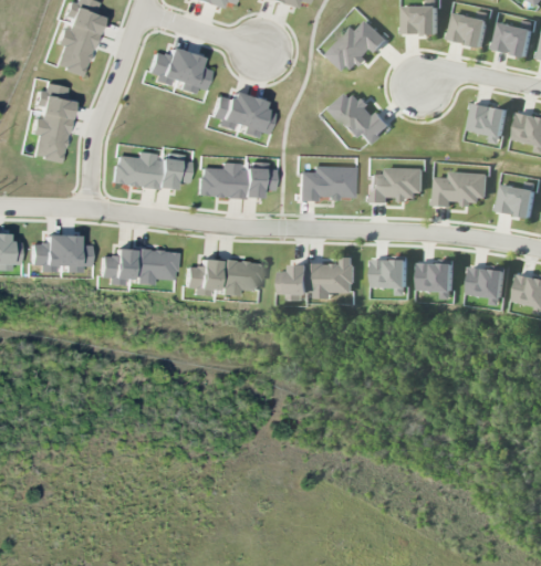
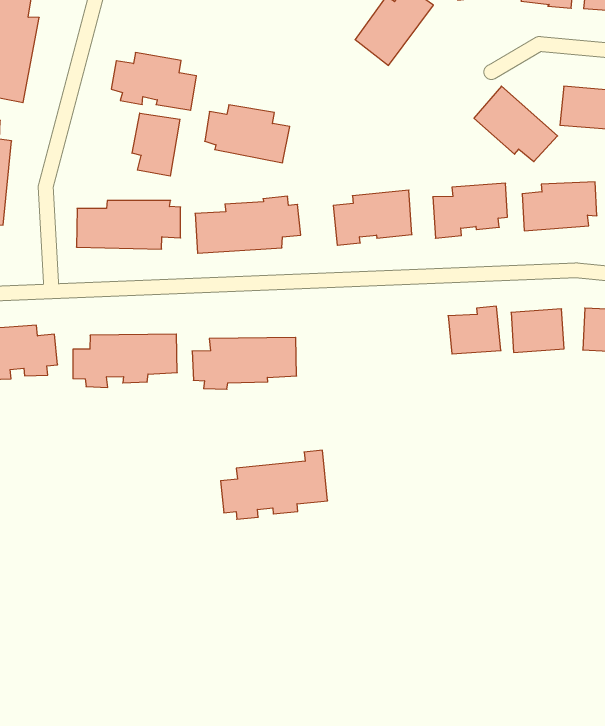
building: [329,87,387,144] -> [474,86,558,162]
building: none -> [132,113,180,176]
building: [279,256,354,300] -> [221,450,328,519]

